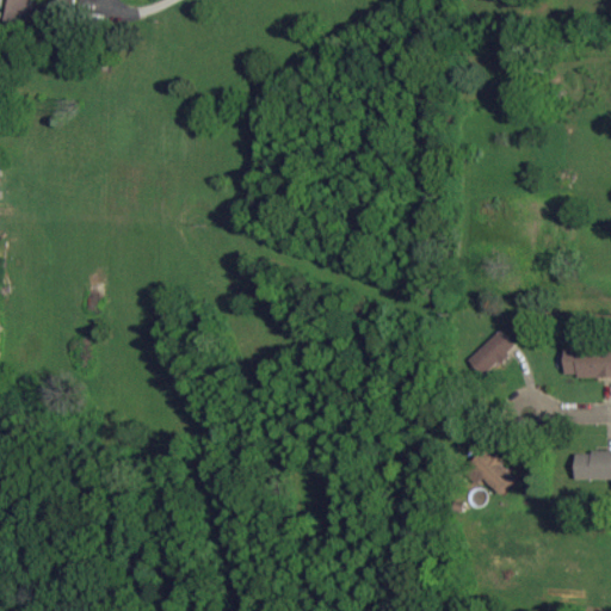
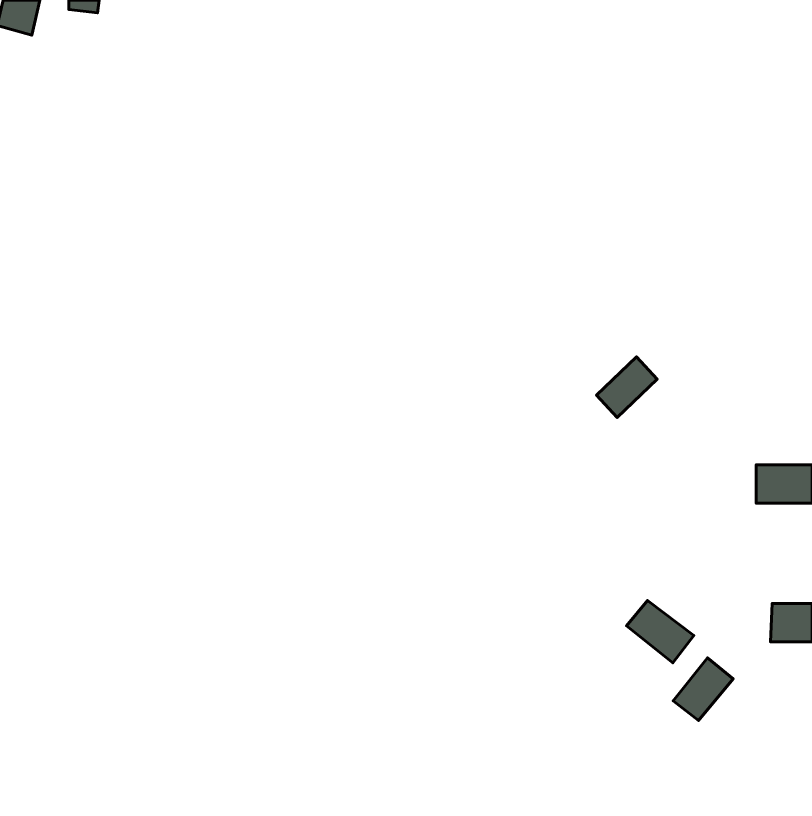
building: [470,331,516,376] -> [596,357,657,418]
building: none -> [673,658,733,720]

